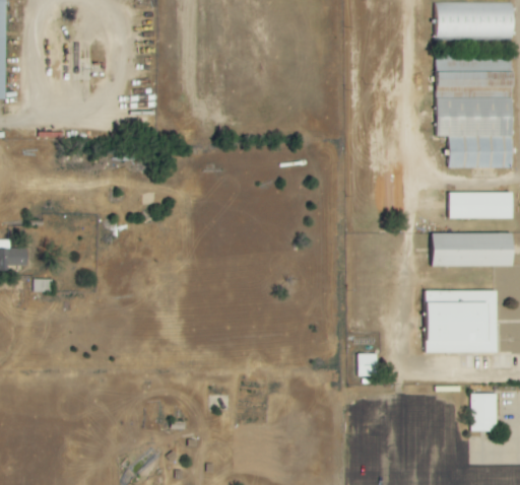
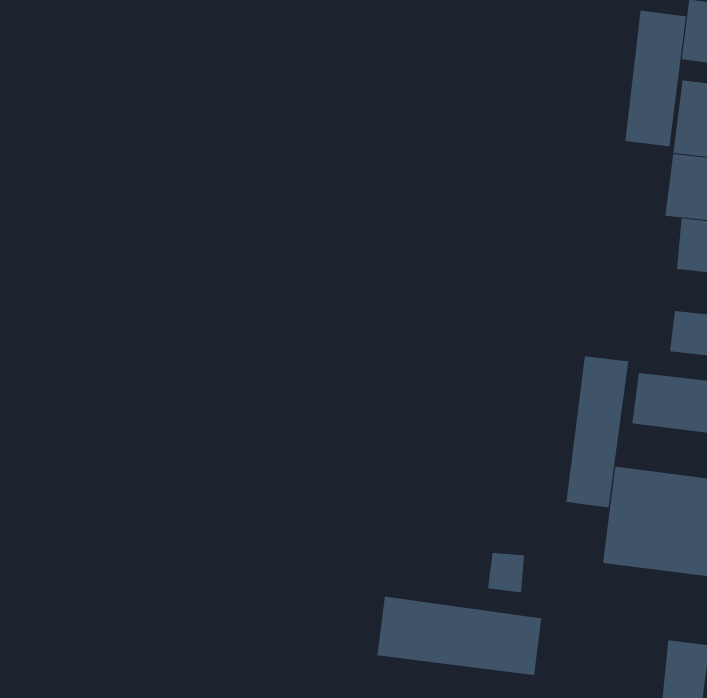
building: none -> [625,10,687,147]
building: none -> [566,355,629,508]
building: none -> [377,596,542,676]

